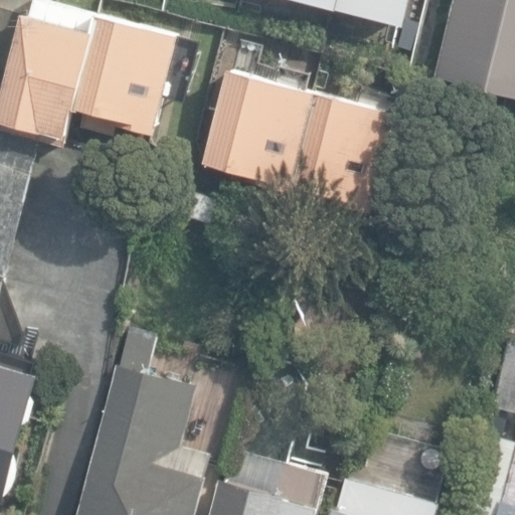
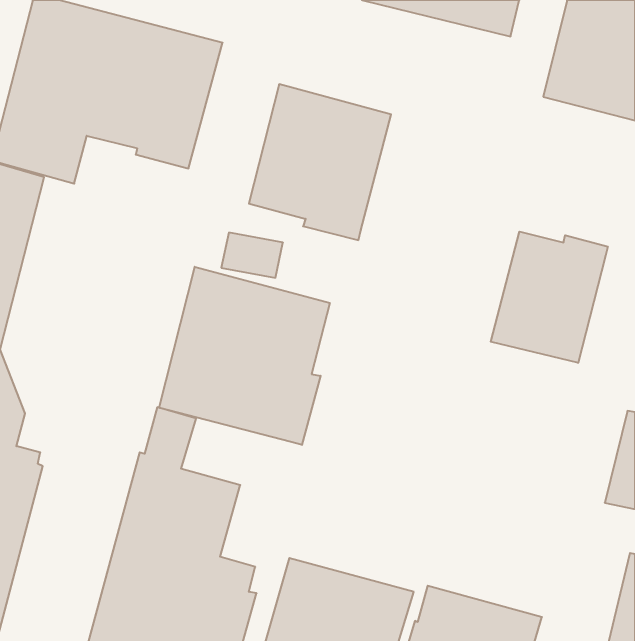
building: [289,93,392,214] -> none
building: none -> [491,232,608,363]
building: none -> [159,267,330,445]

